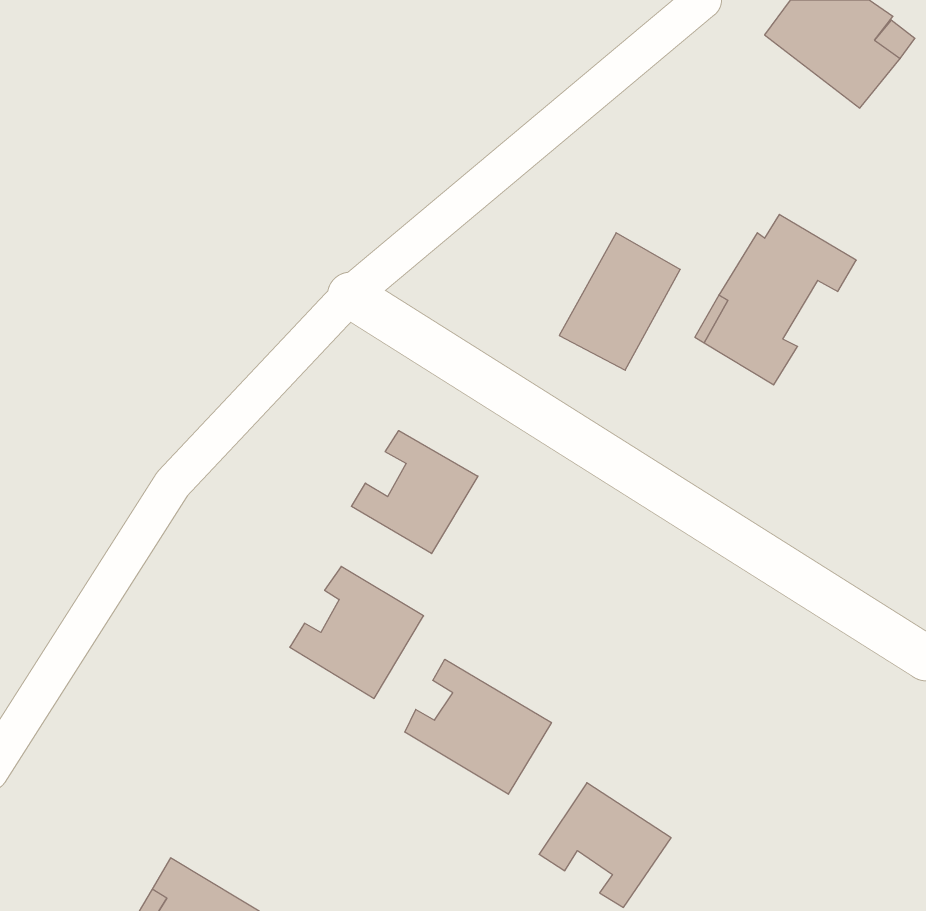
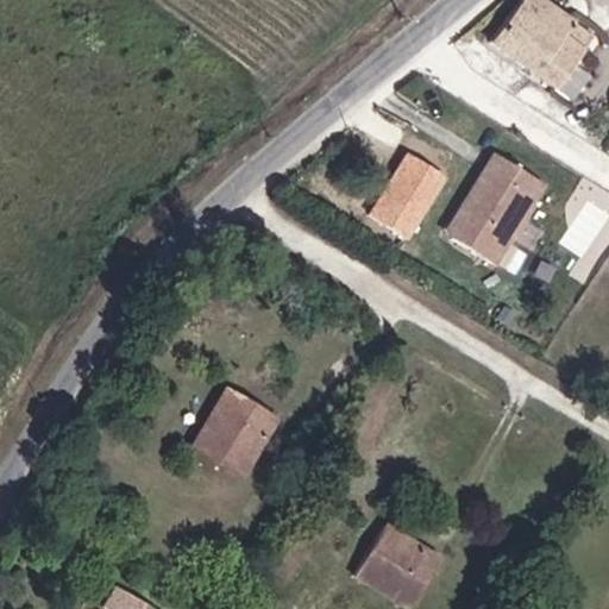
building: [351,431,478,554] -> none
building: [405,659,551,794] -> none

